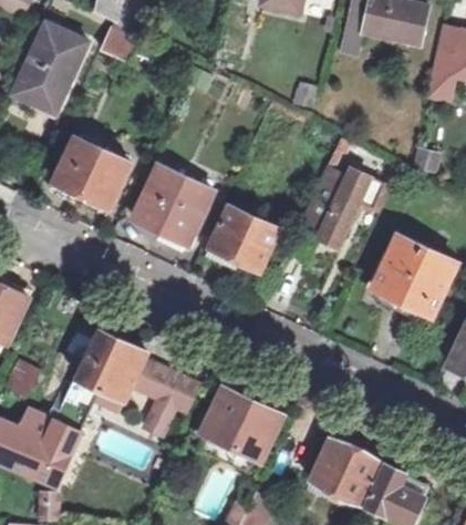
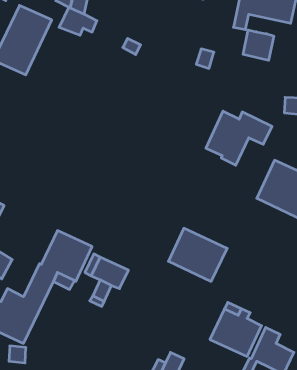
building: none -> [243,30,274,60]
building: [53,136,128,206] -> none
building: [132,165,217,247] -> none
building: [208,213,275,270] -> none
building: [200,388,281,461] -> [168,228,227,281]

